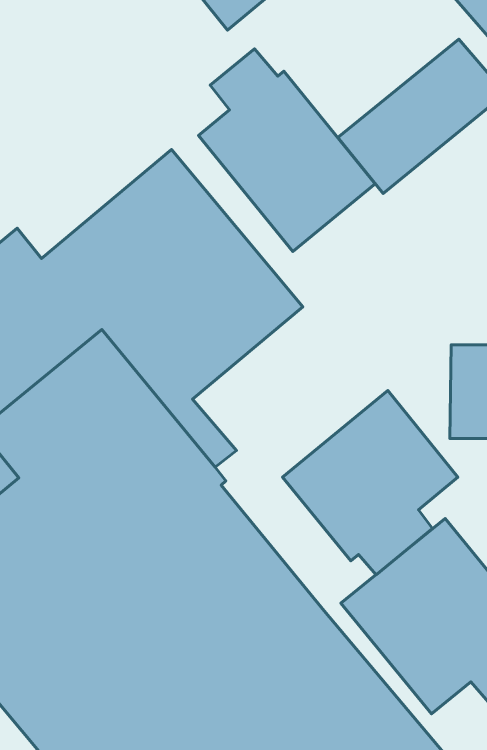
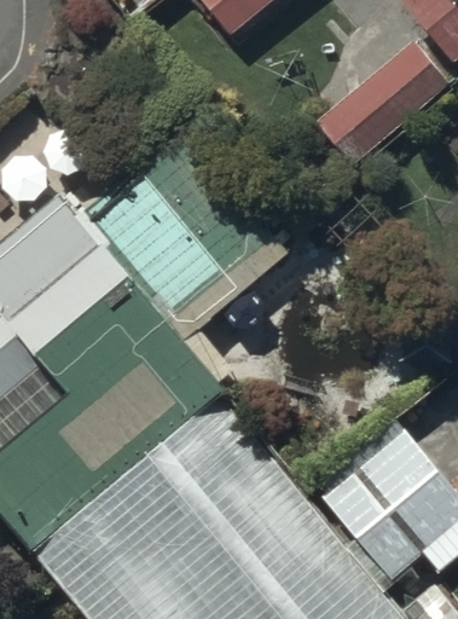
building: [199,49,375,252] -> none
building: [283,391,458,575] -> none

